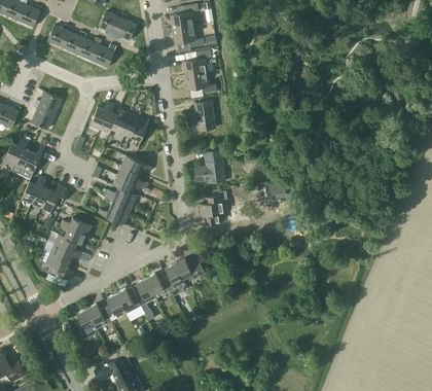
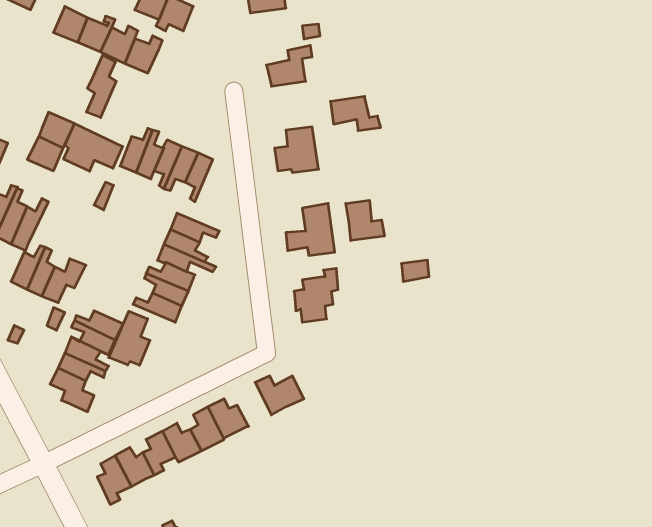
building: [172,26,204,47] -> none
building: none -> [86,55,116,118]
building: [185,72,217,94] -> [330,96,381,131]
building: none -> [64,124,123,171]
building: none -> [346,200,384,241]
building: none -> [109,311,150,365]
building: [164,262,185,296] -> none

